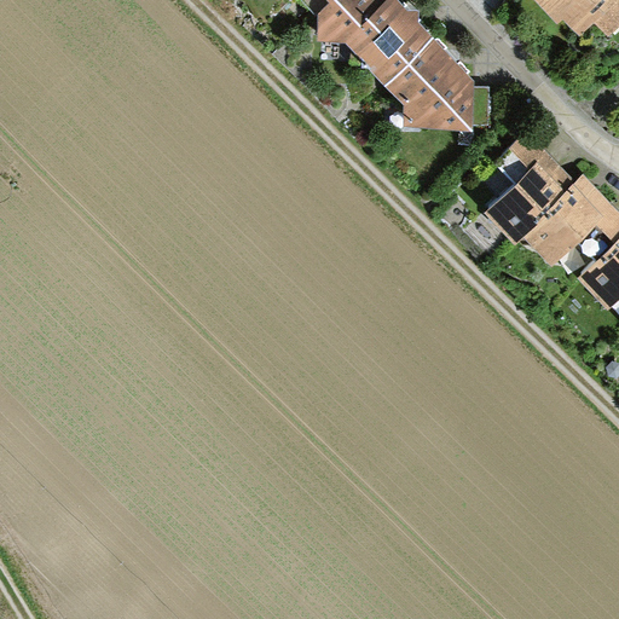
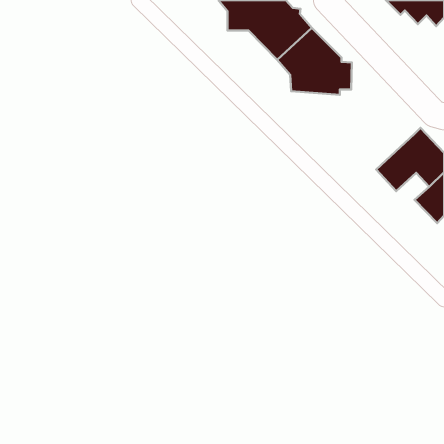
building: [485,134,577,244] -> none

